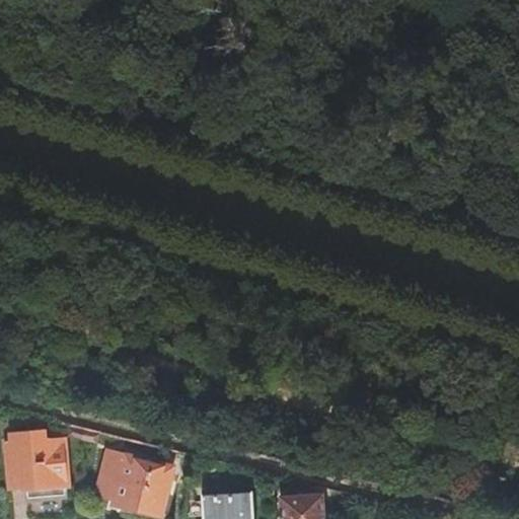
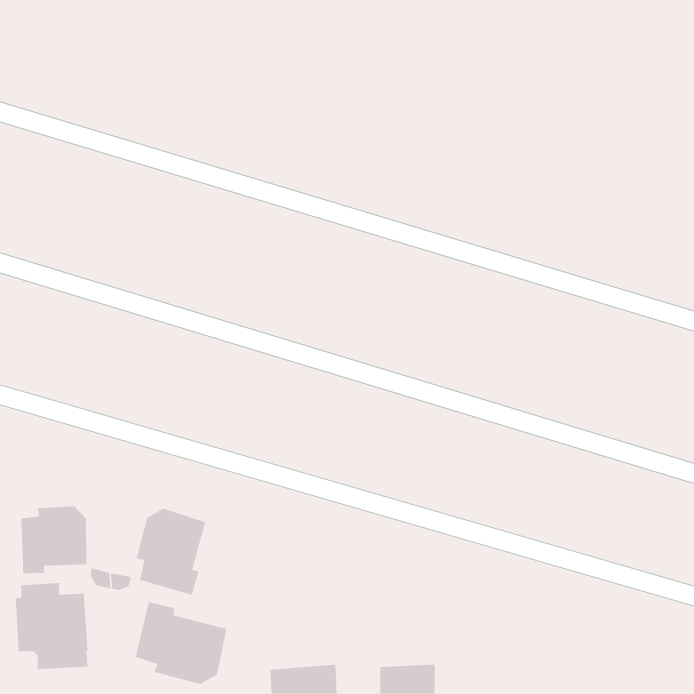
building: none -> [21,506,87,574]
building: none -> [136,508,206,596]

